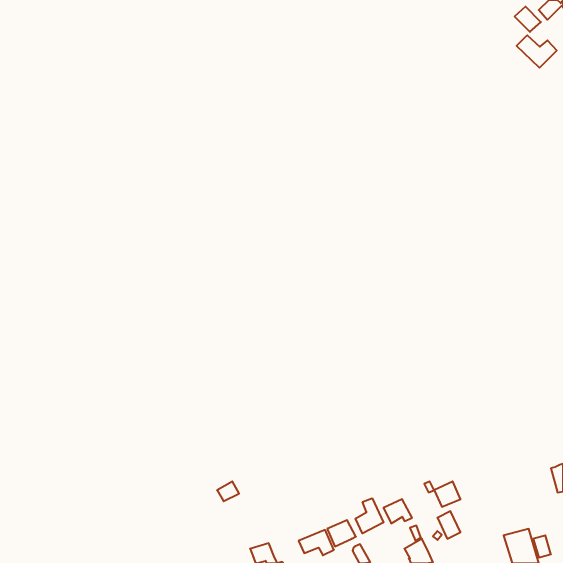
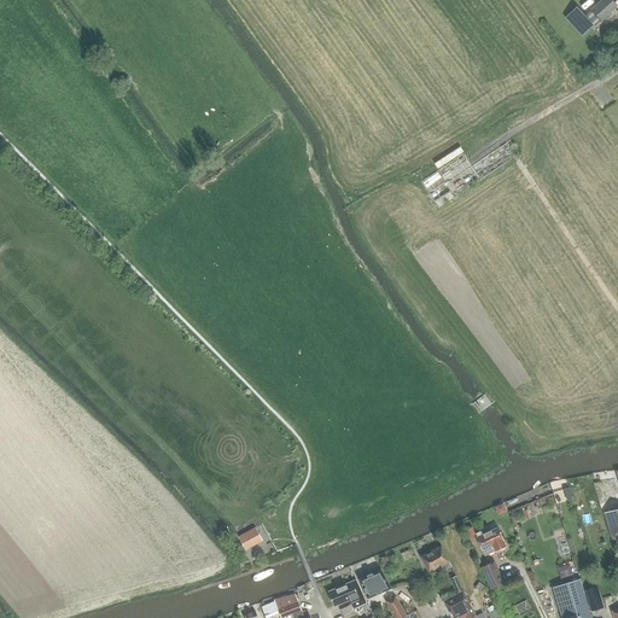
building: [517,35,557,68] -> none
building: [356,498,383,533] -> none

